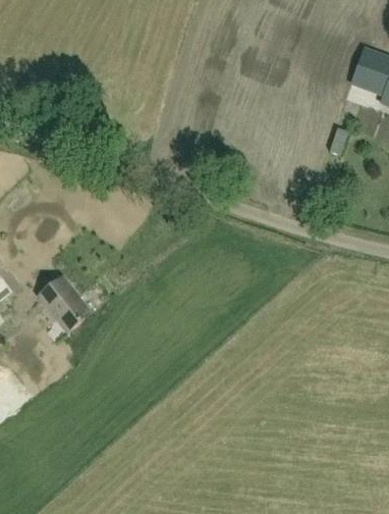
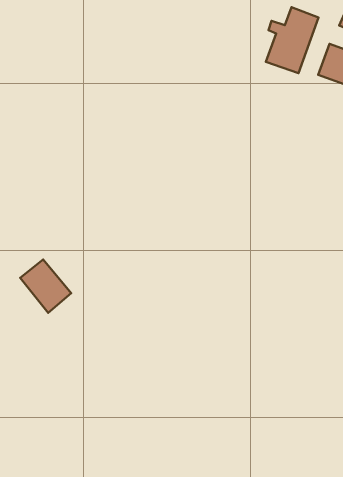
building: none -> [266,7,318,73]

